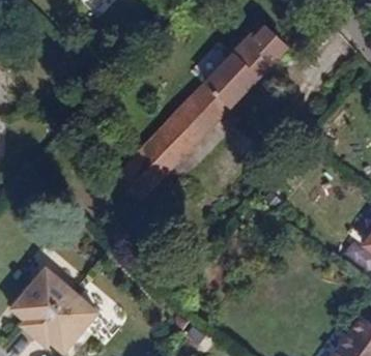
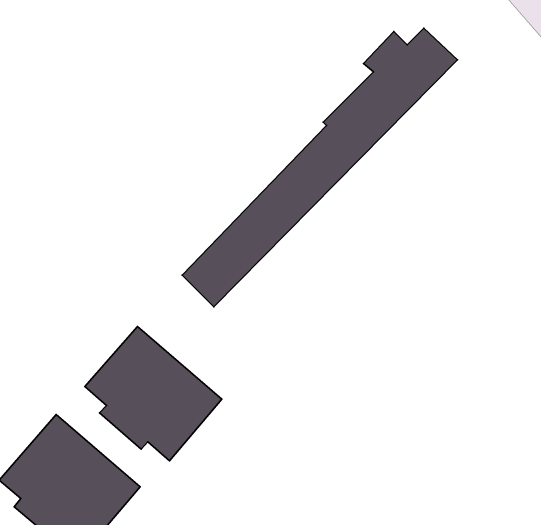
building: none -> [85,326,222,461]

